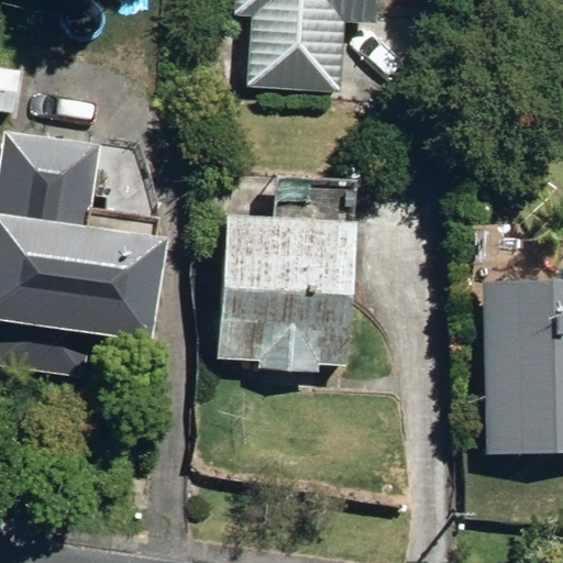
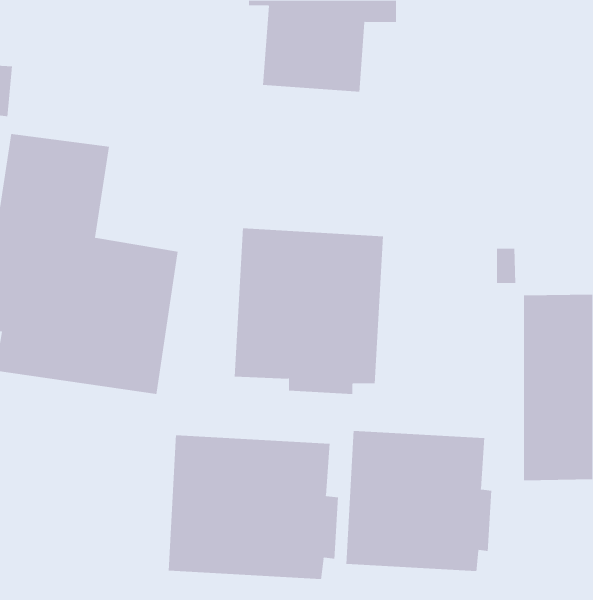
building: none -> [346,430,492,572]
building: none -> [168,434,339,580]

